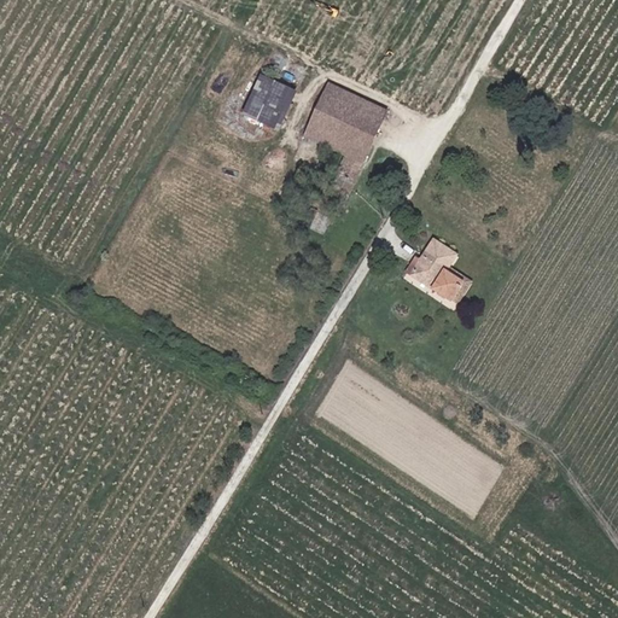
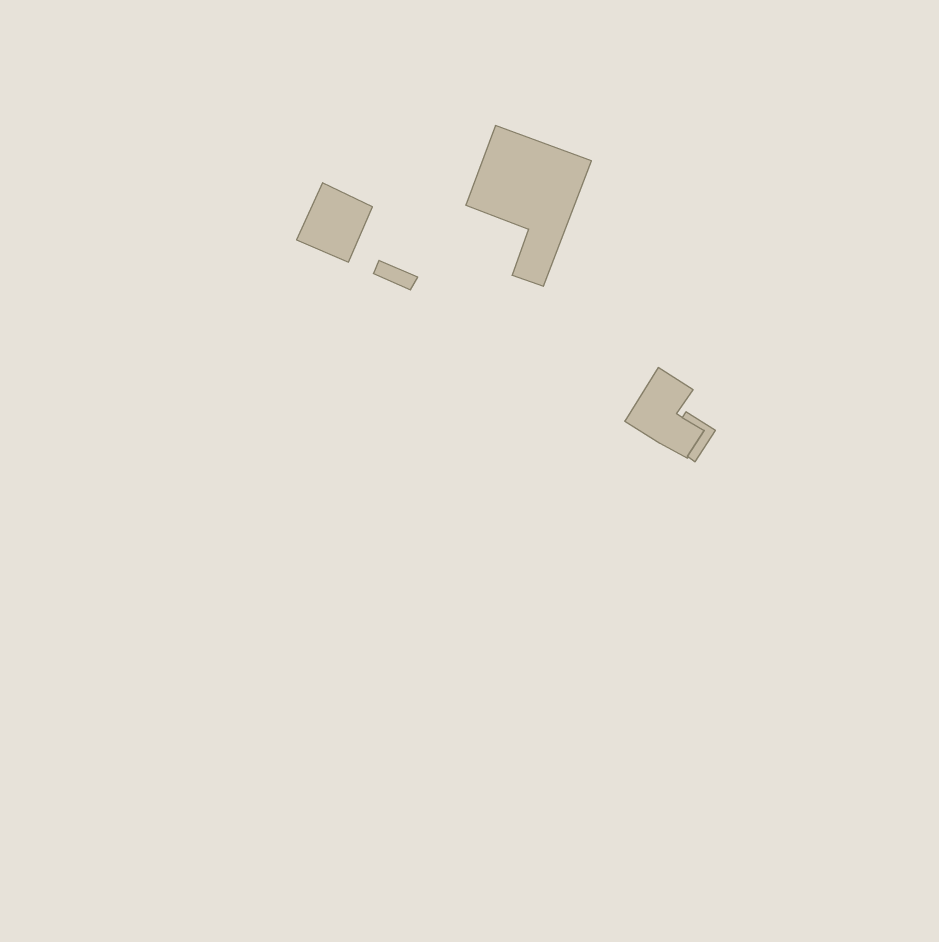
building: [244,74,293,126] -> [297,183,372,262]

